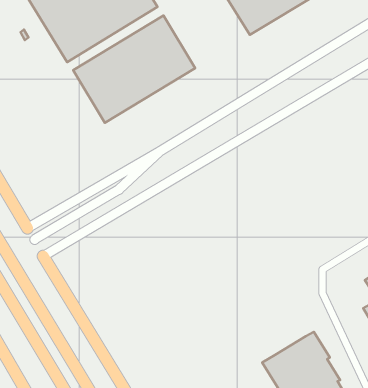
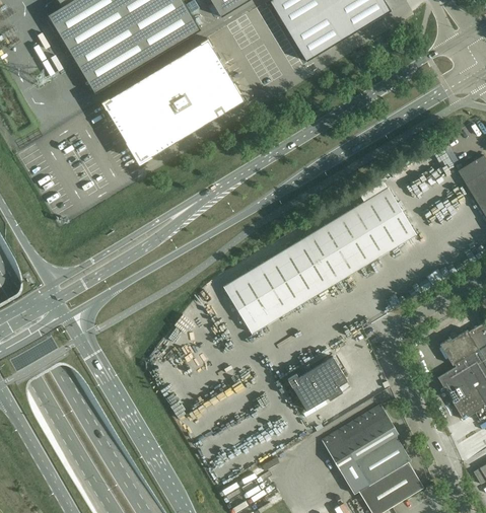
building: none -> [223,187,416,333]
building: none -> [287,356,347,410]

